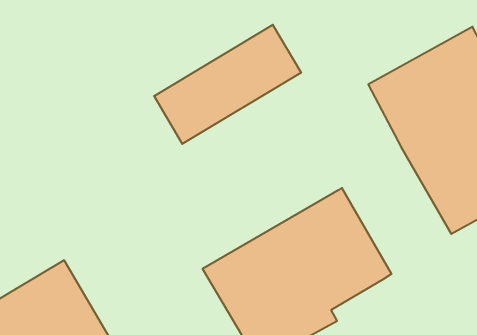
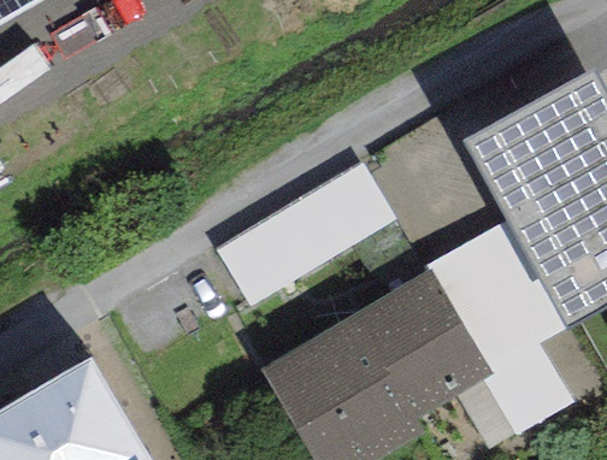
building: [154,25,301,144] -> [214,161,396,308]
building: none -> [425,219,572,436]

